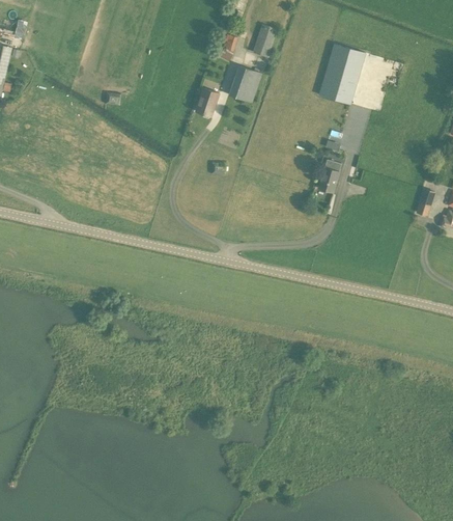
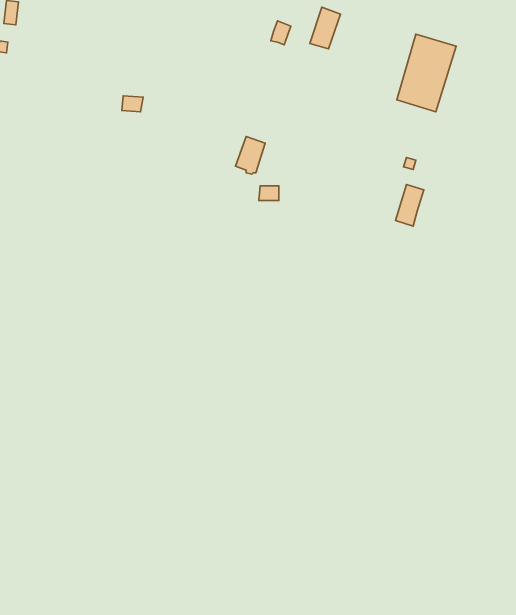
building: [229,64,260,102] -> none
building: [195,87,218,116] -> [236,137,265,174]

